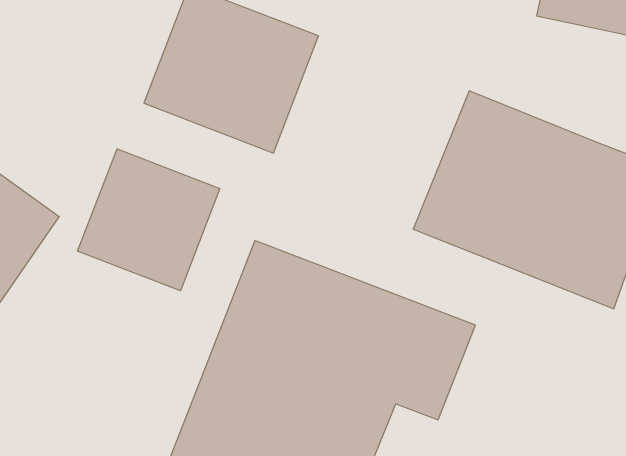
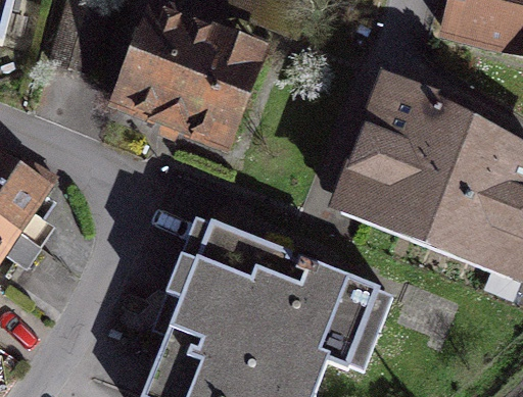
building: [78,149,220,291] -> none

